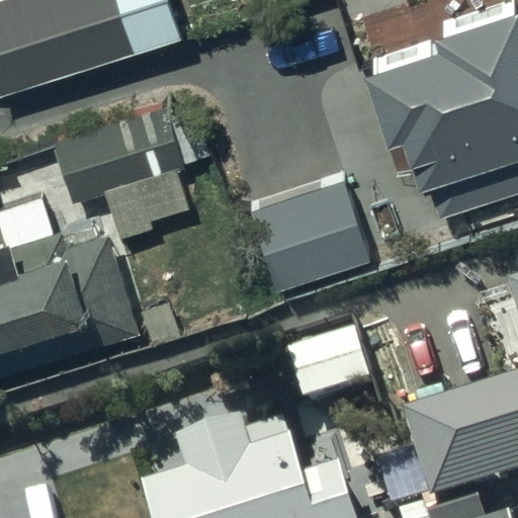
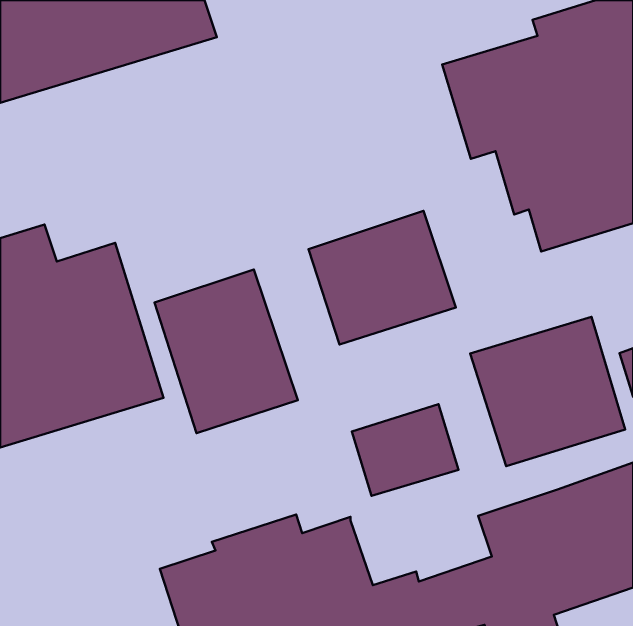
building: [48,104,206,238] -> none
building: none -> [154,269,298,433]
building: none -> [470,317,625,466]

